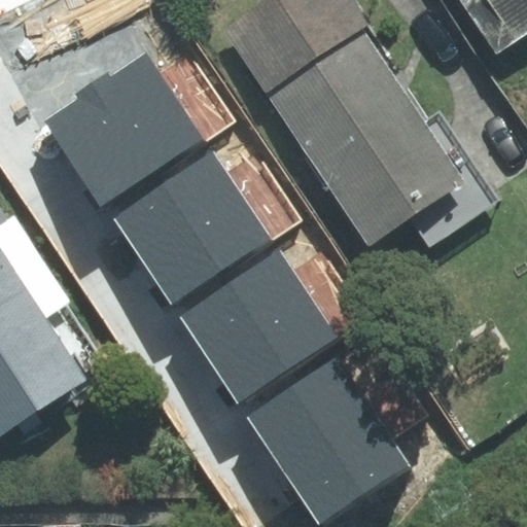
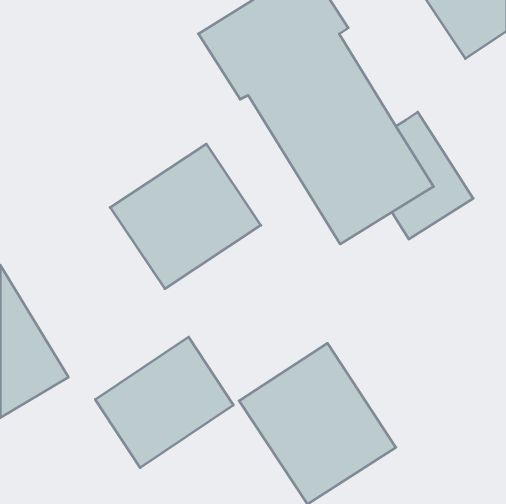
building: [47,52,204,203] -> none
building: [180,248,337,398] -> none
building: none -> [95,337,233,468]

